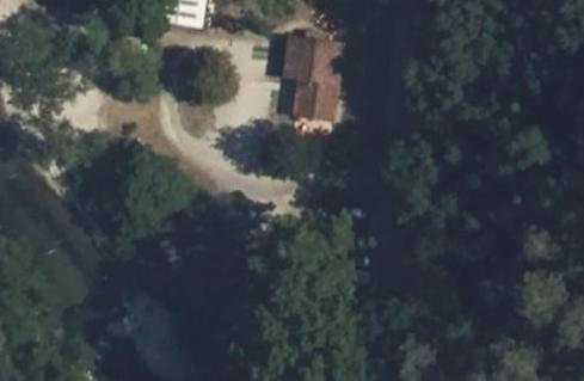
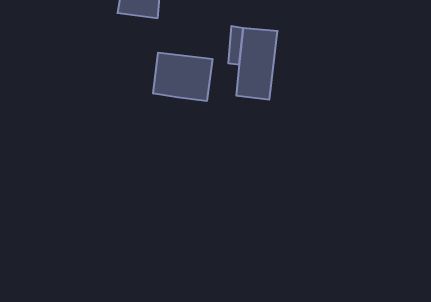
building: none -> [153,53,212,101]

